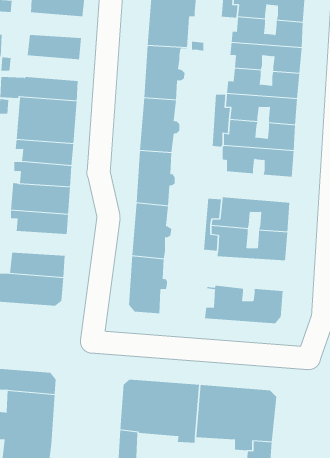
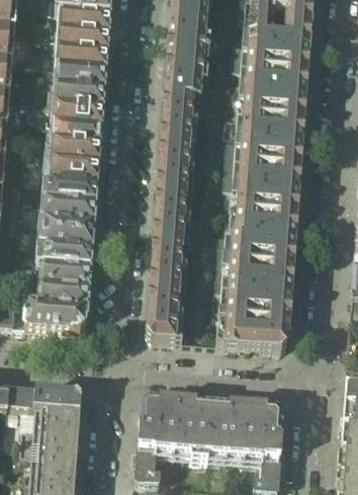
building: none -> [56,60,105,83]
building: none -> [52,99,102,122]
building: none -> [230,205,297,234]
building: none -> [39,259,91,282]
building: none -> [218,283,291,315]

